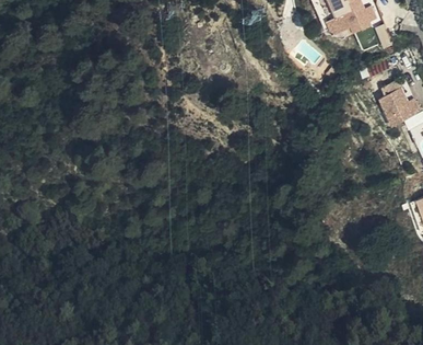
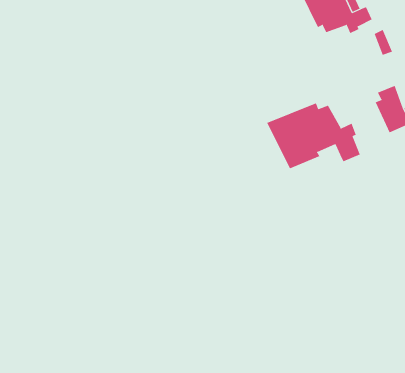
building: none -> [267,102,360,169]

